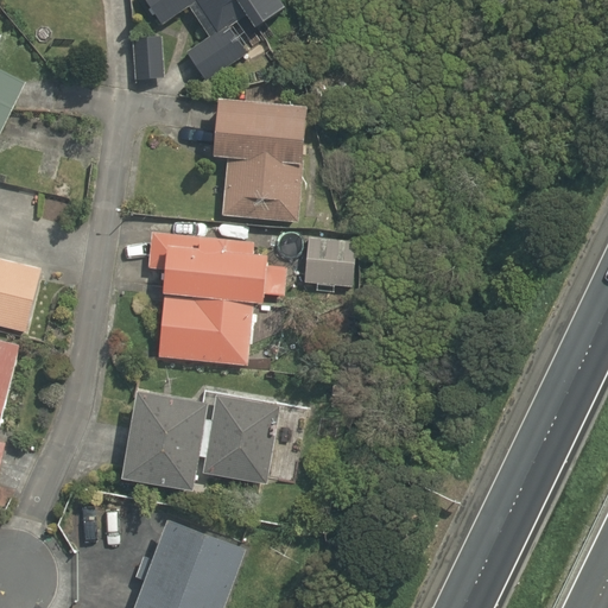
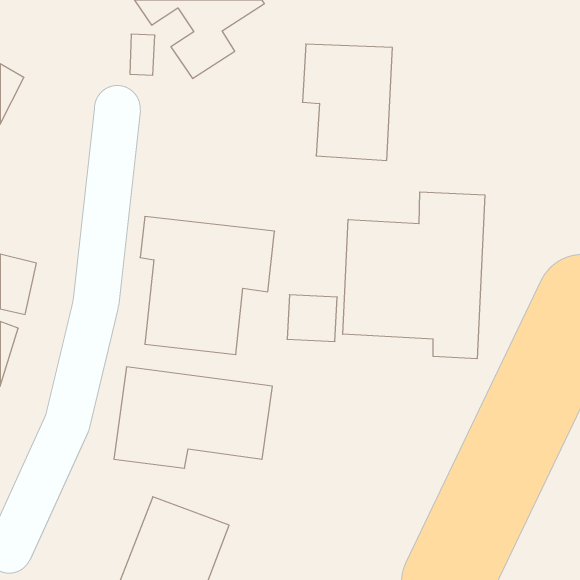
building: [210,99,304,220] -> [302,44,392,160]
building: none -> [343,192,485,359]
building: [305,236,357,285] -> [287,295,337,341]

